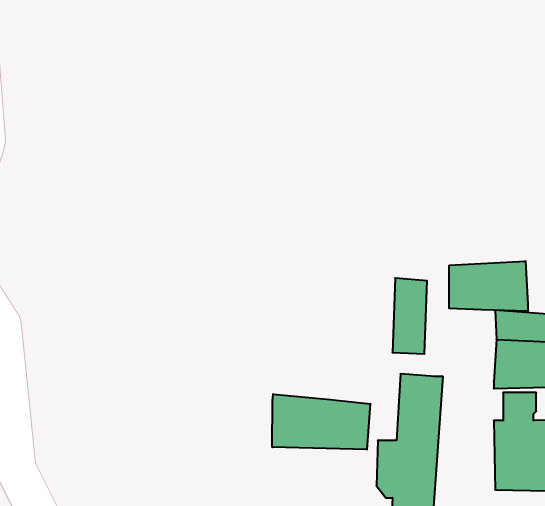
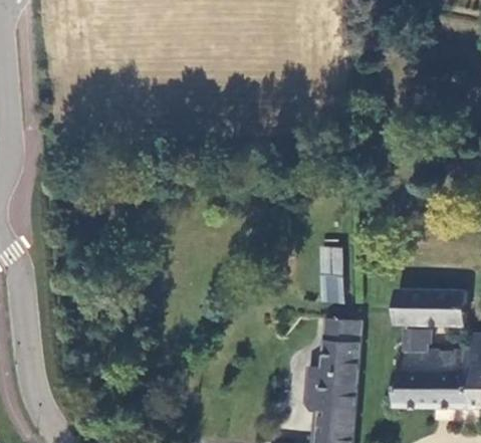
building: [449,261,528,311] -> none
building: [272,394,370,450] -> none

